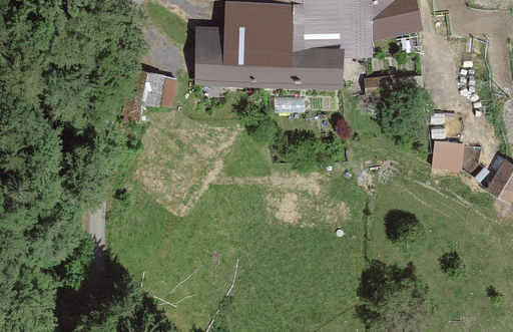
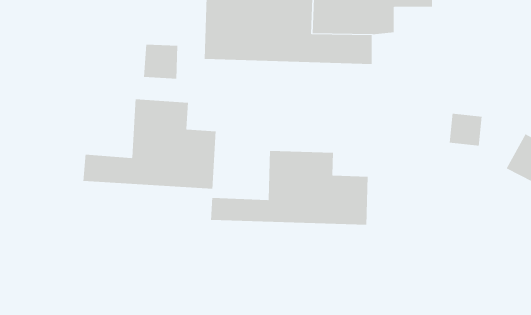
building: none -> [83,99,216,190]
building: none -> [210,150,368,226]

